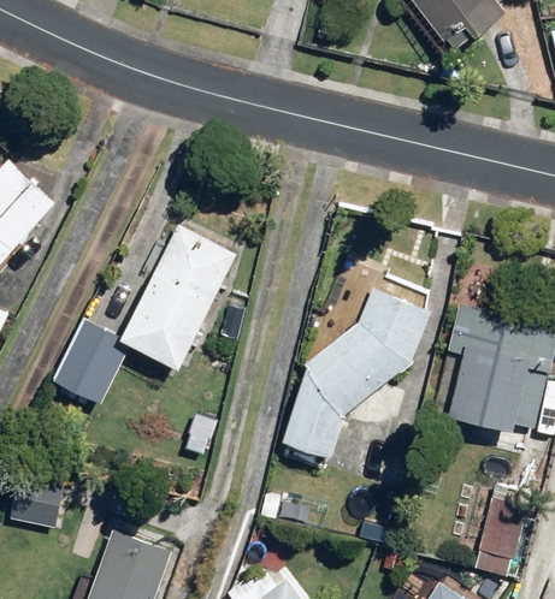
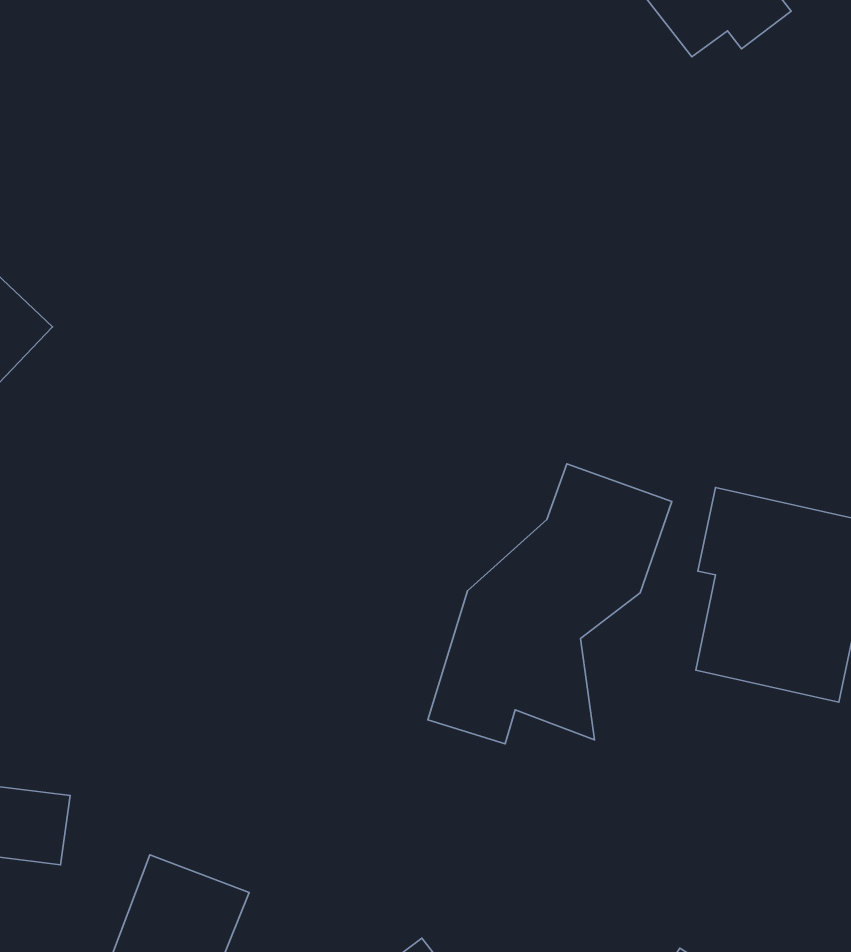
building: [51,226,231,404] -> none
building: [473,498,527,571] -> none

